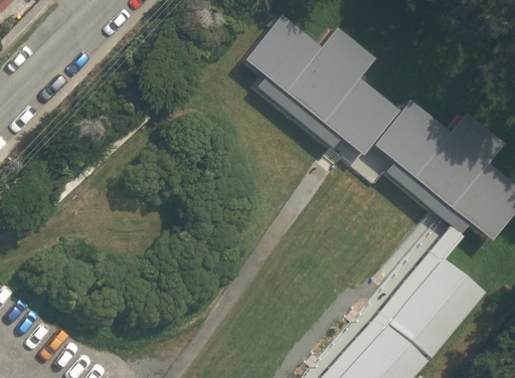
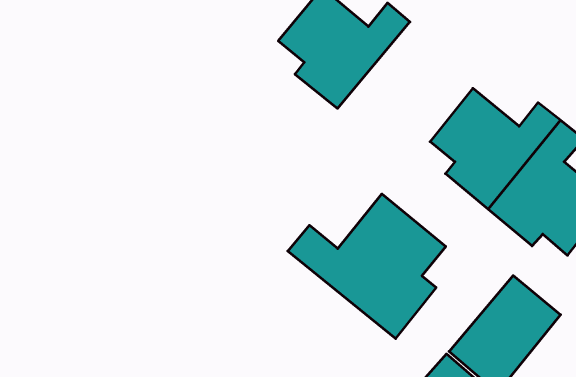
building: [295,42,398,154] -> none
building: none -> [288,194,446,339]

